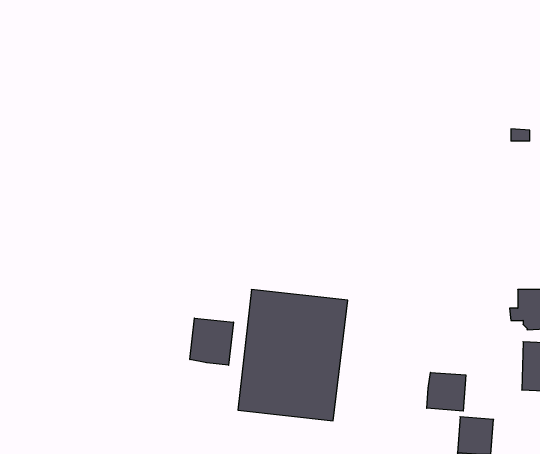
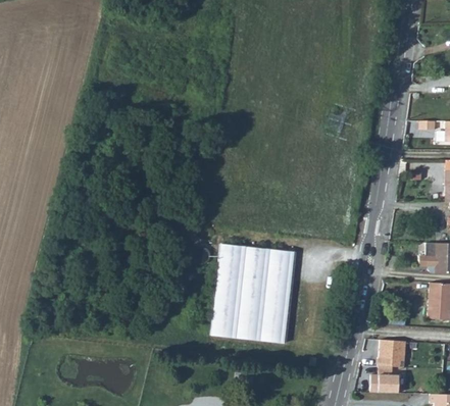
building: [190,318,233,365] -> none
building: [427,372,466,411] -> none

